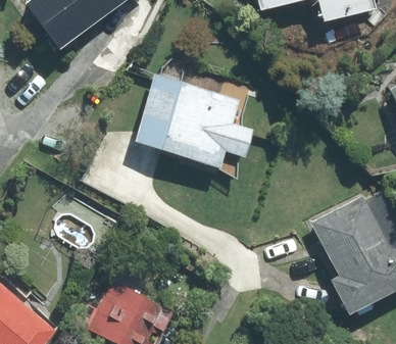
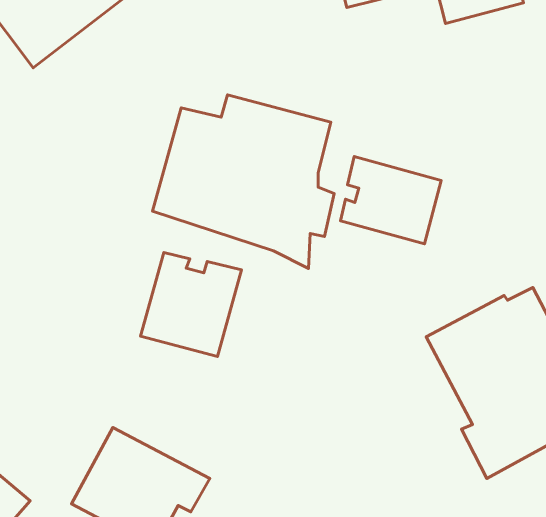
building: none -> [340,156,441,244]
building: none -> [141,252,241,357]

